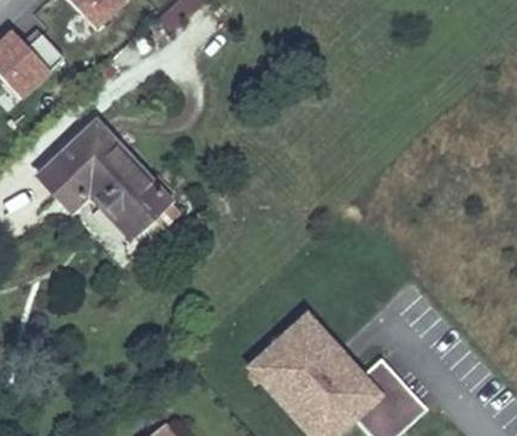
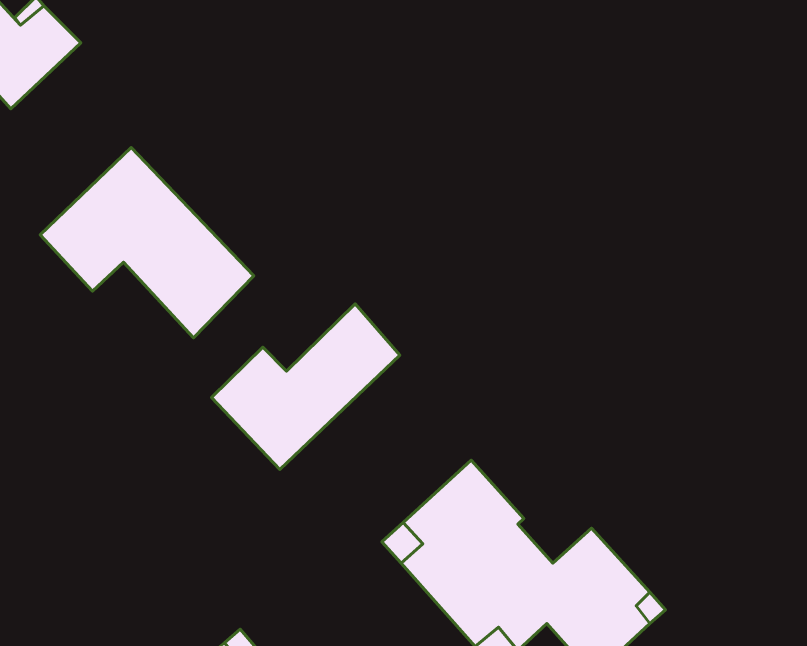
building: none -> [211,304,400,470]

